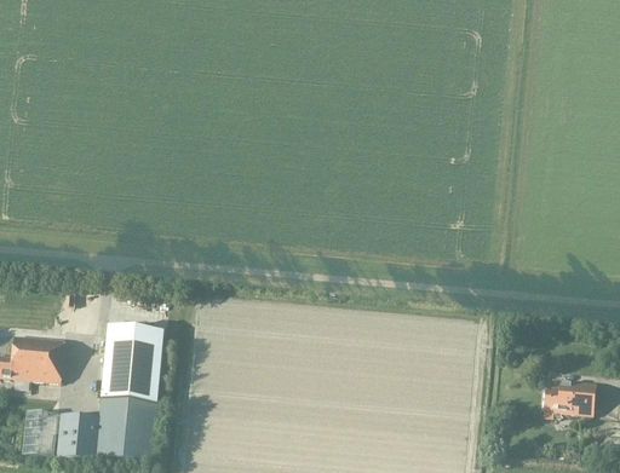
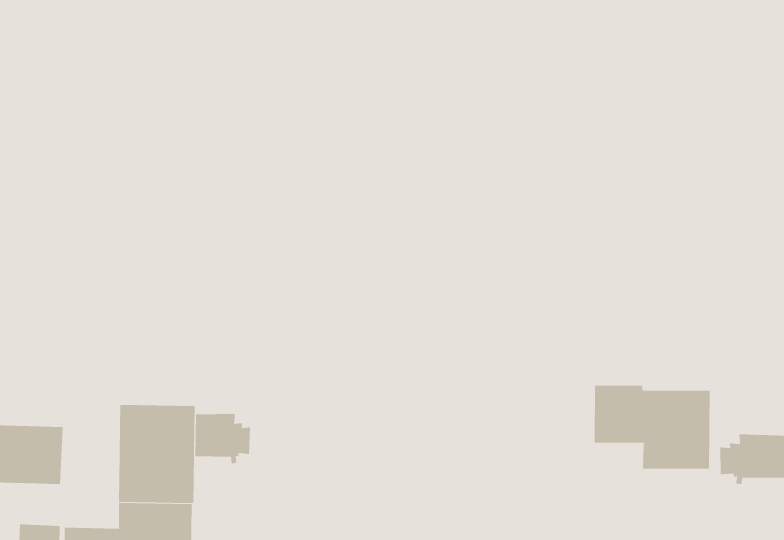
building: none -> [594,385,710,470]
building: none -> [195,413,250,464]

